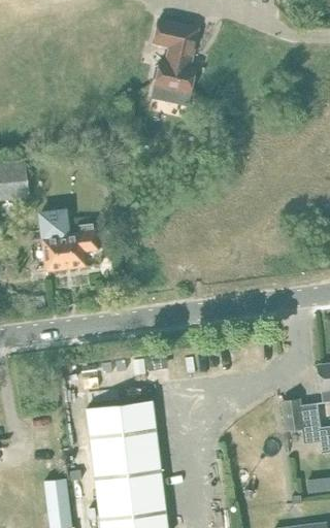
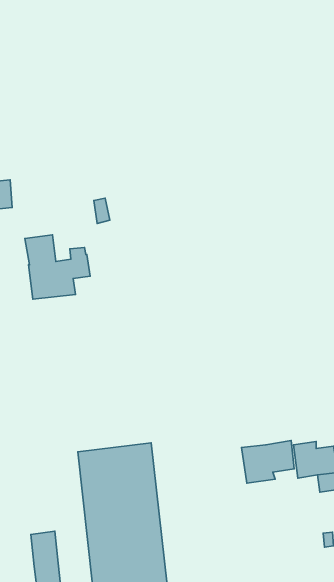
building: [152,19,200,95] -> none
building: none -> [241,440,294,483]

